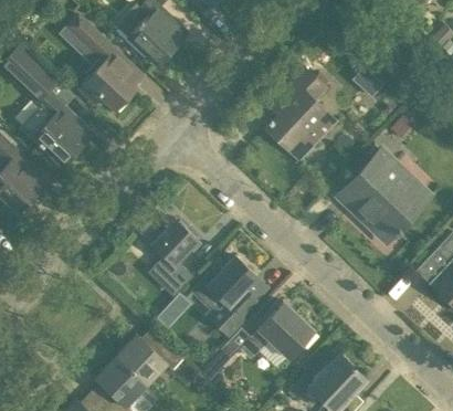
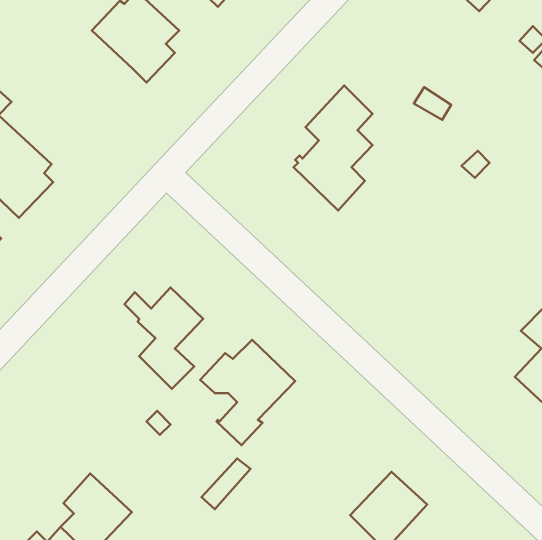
building: [67,17,143,112] -> none
building: [338,151,430,239] -> none
building: [244,303,314,358] -> none
building: [115,331,181,386] -> none

